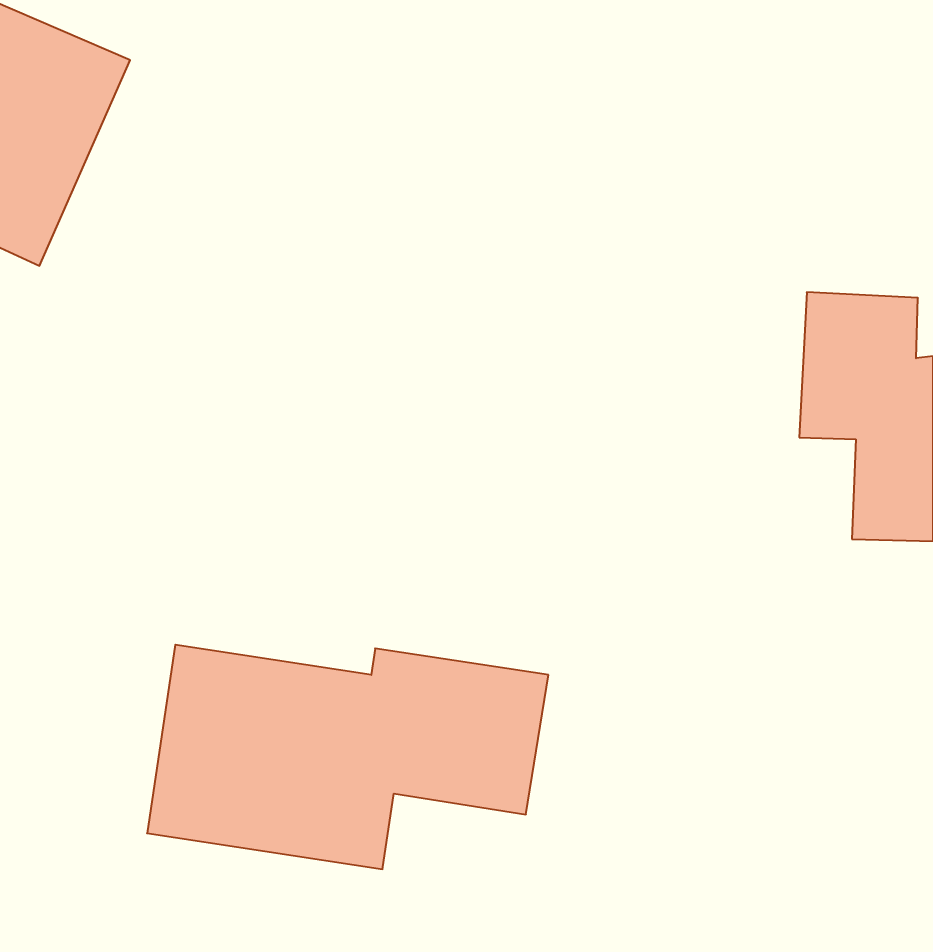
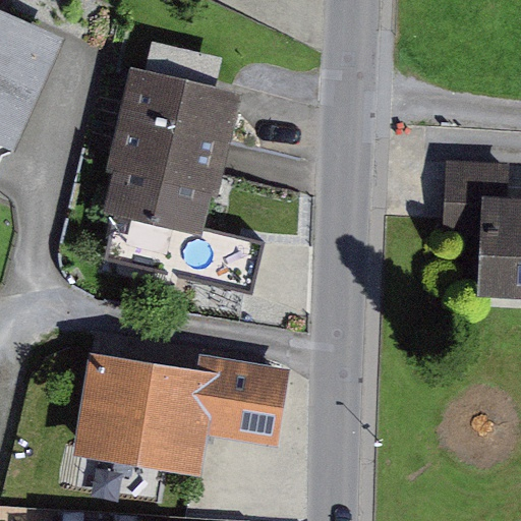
building: none -> [109,68,247,235]

